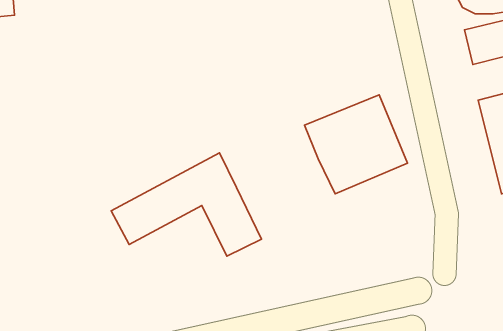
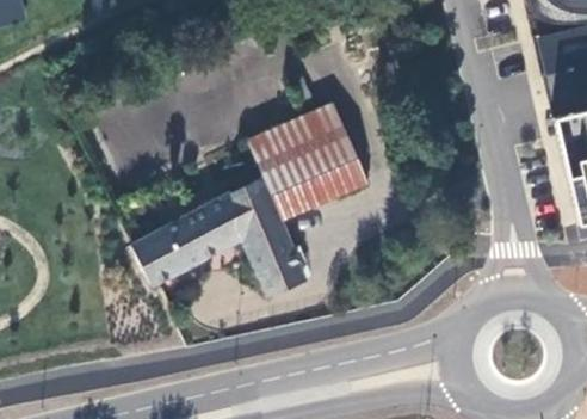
building: [305,95,408,194] -> [248,106,365,218]

